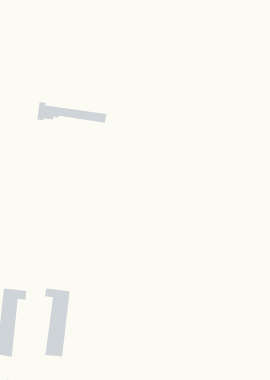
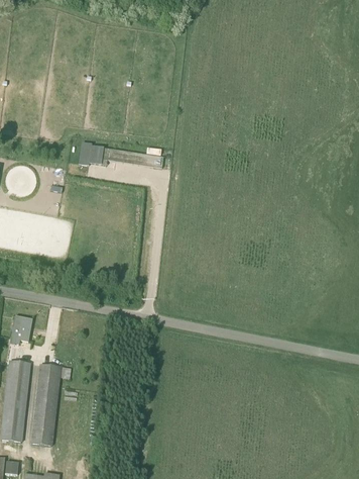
building: [45,288,70,357] -> none

